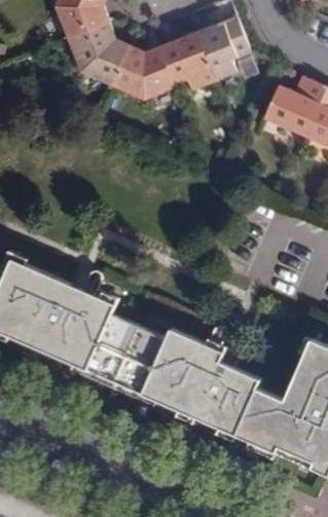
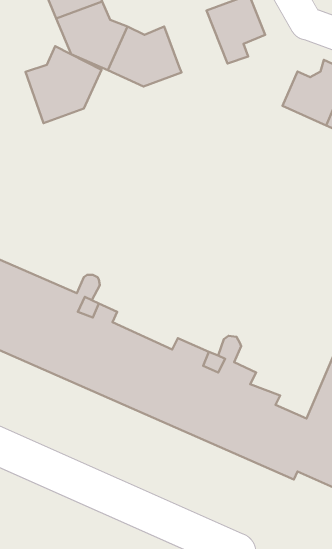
building: [159,33,218,95] -> none
building: none -> [25,46,101,123]

